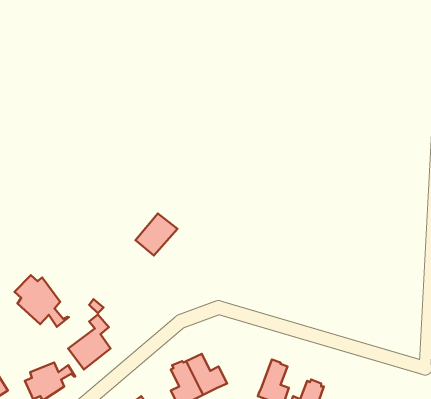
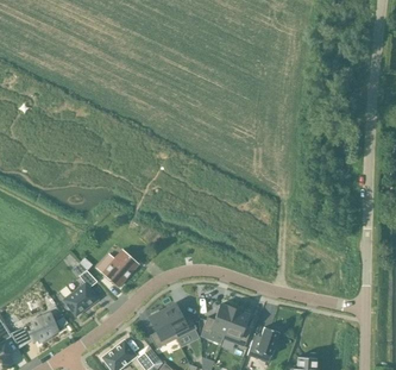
building: [135,213,178,256] -> [103,251,139,287]
building: [15,275,69,327] -> none
building: none -> [202,305,235,337]

